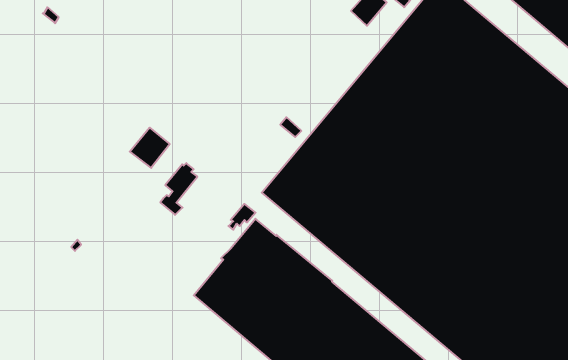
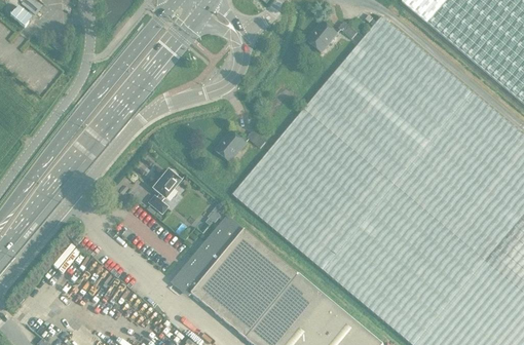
building: none -> [217,131,247,161]
building: [130,128,170,168] -> none

